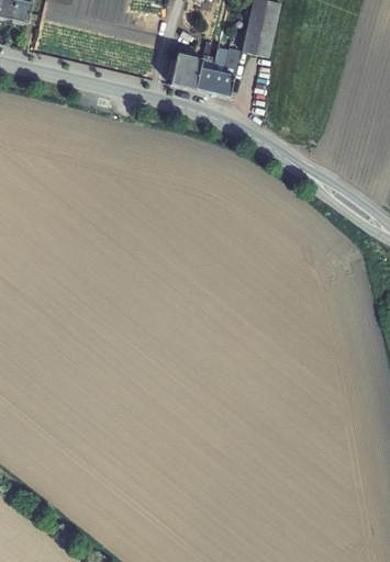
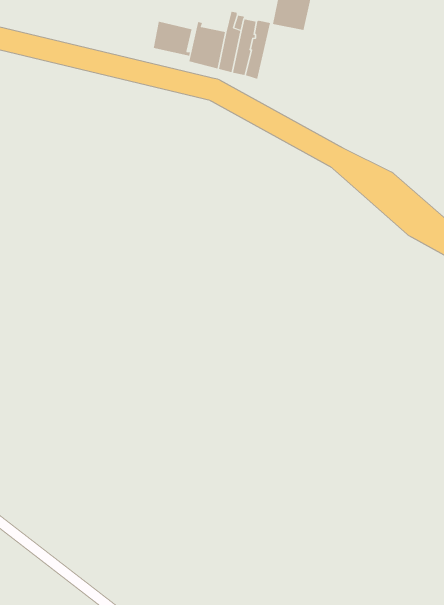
building: none -> [153,21,192,57]

